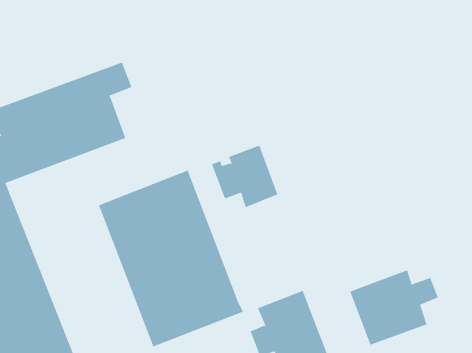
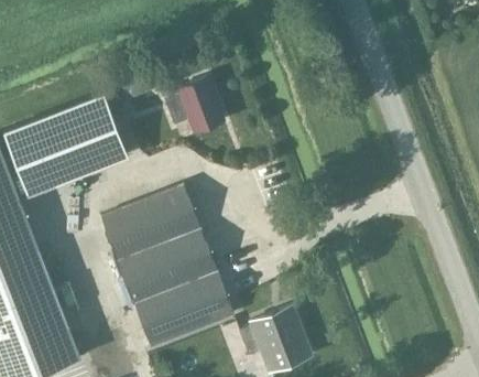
building: [211,145,278,208] -> [162,77,222,134]
building: [350,269,438,346] -> none

